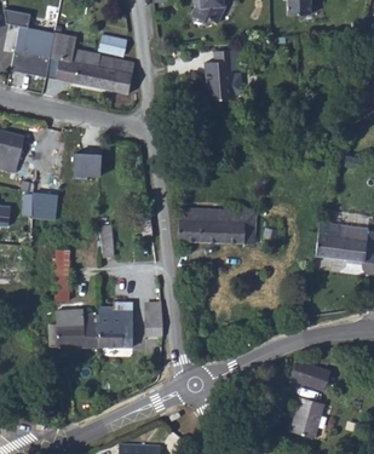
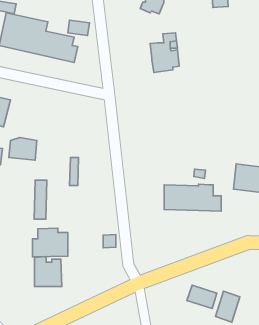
building: [103,53,127,90] -> none
building: [73,148,100,174] -> none
building: [180,208,257,245] -> [164,184,221,211]
building: [97,306,133,346] -> [35,257,62,286]
building: [294,356,334,387] -> [187,285,217,309]

